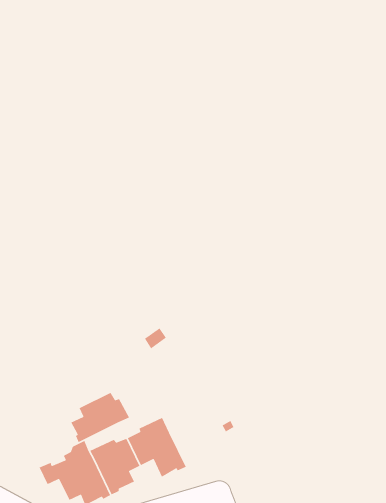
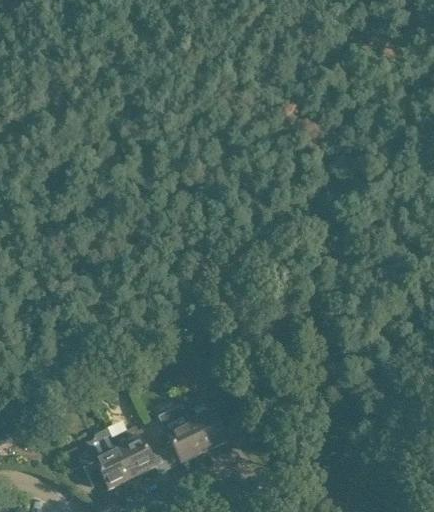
building: [70,392,130,443] -> none
building: none -> [188,400,233,455]

